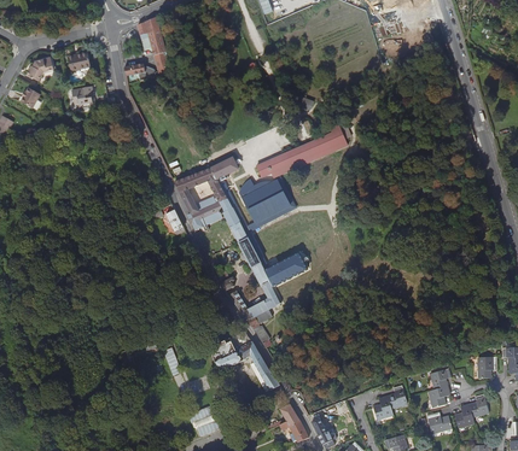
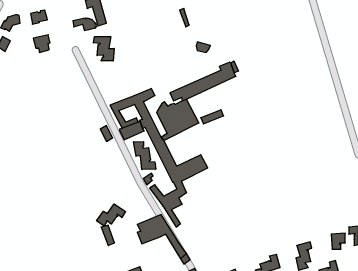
building: none -> [94,37,114,61]
building: none -> [134,142,156,170]
building: none -> [97,204,126,226]

